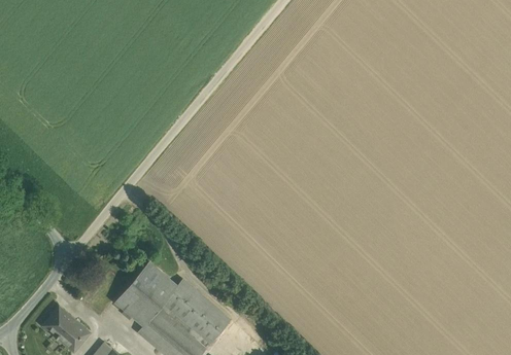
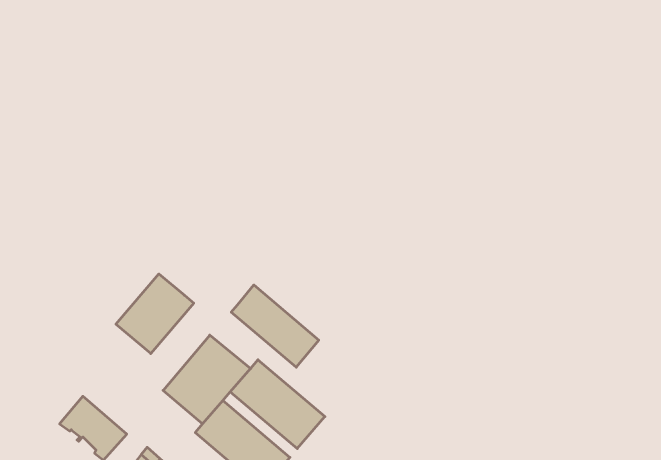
building: none -> [116,274,194,354]
building: none -> [231,285,319,367]

